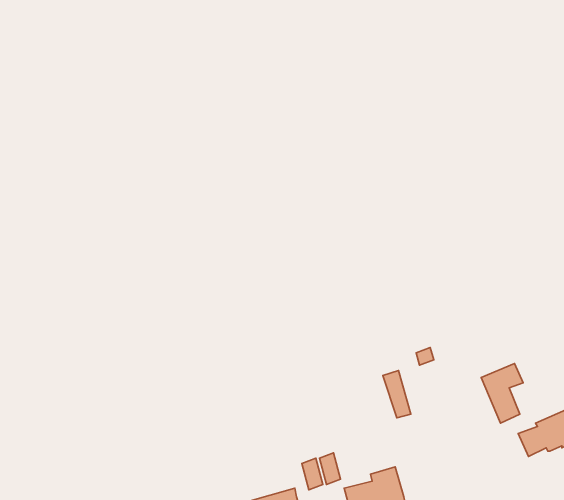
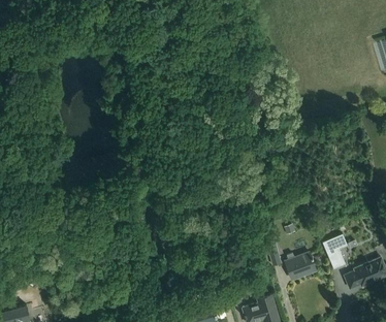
building: none -> [284,252,316,279]

